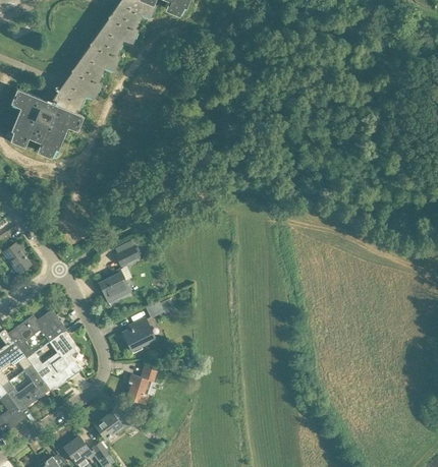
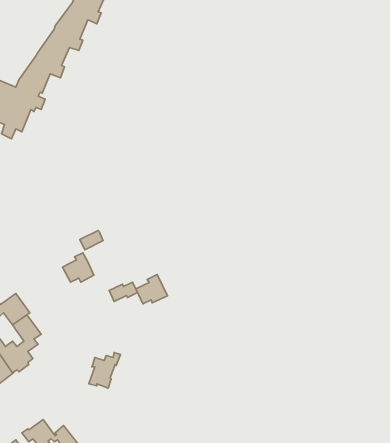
building: [123,317,155,347] -> [136,274,167,304]
building: [95,412,144,439] -> none

